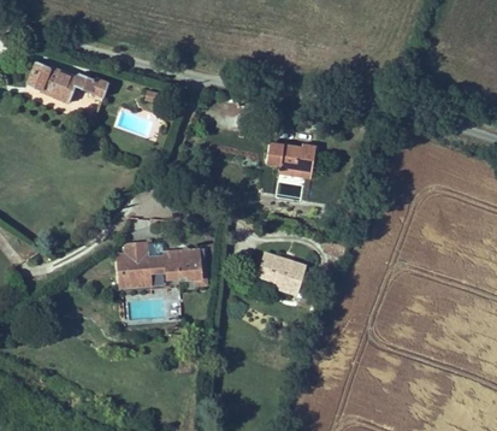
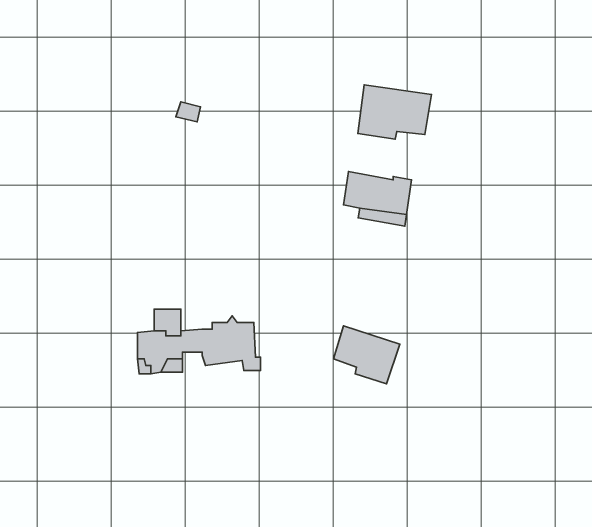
building: [28,61,107,104] -> none
building: none -> [358,85,431,139]

